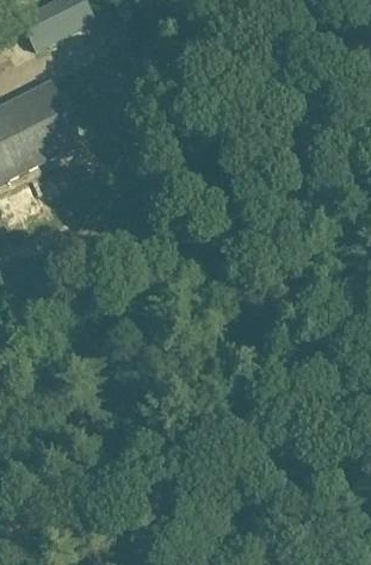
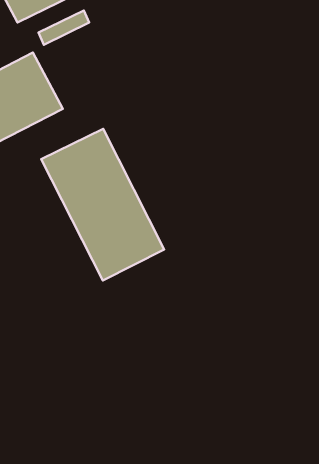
building: none -> [41,129,164,281]

